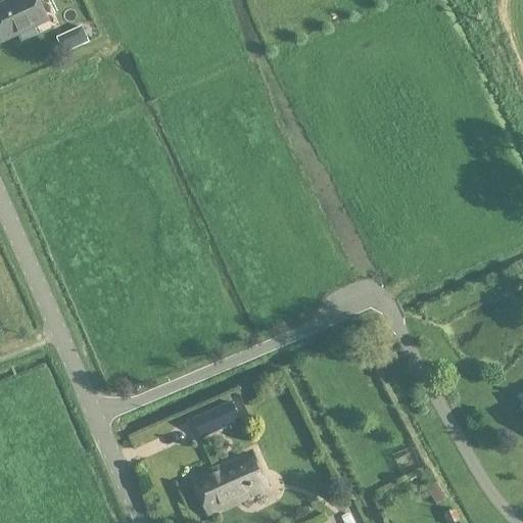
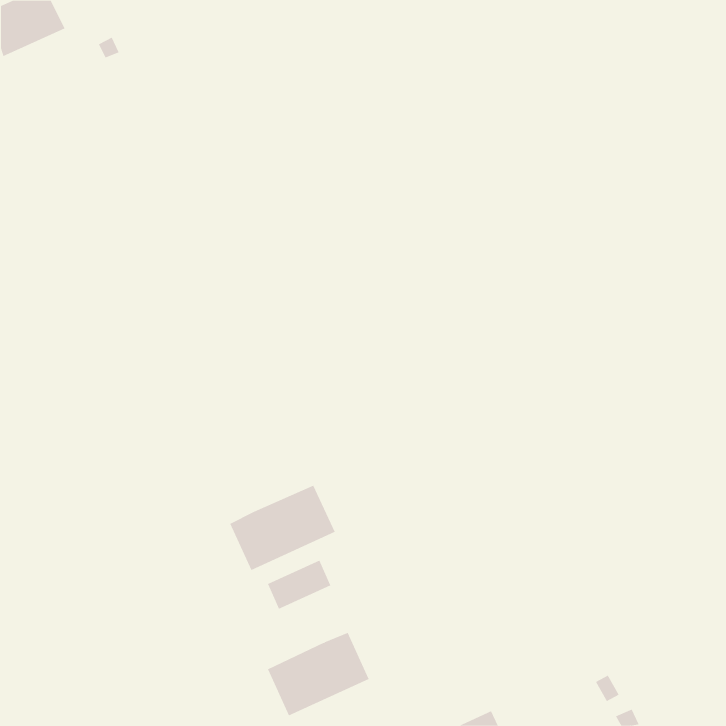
building: none -> [229,485,335,571]

